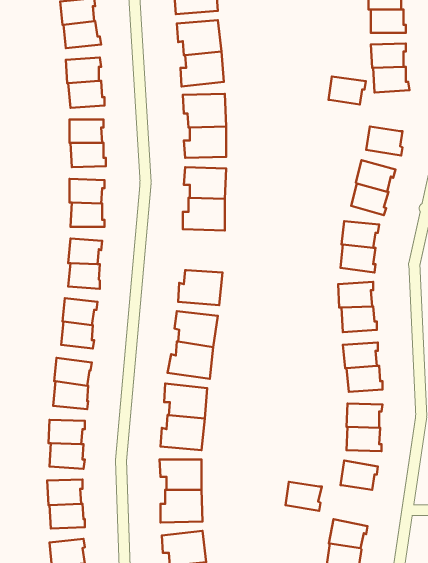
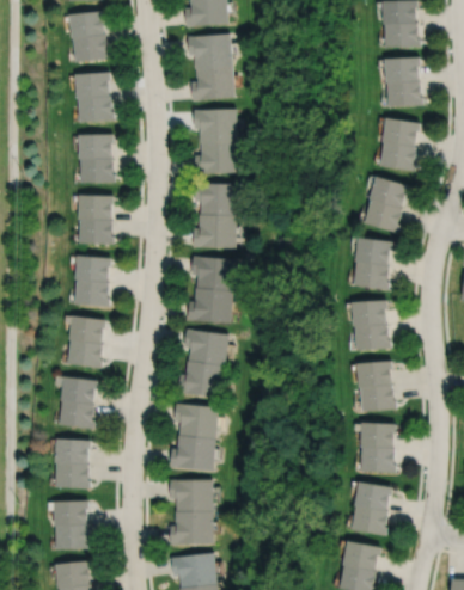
building: [328,77,366,105] -> [383,117,421,146]
building: none -> [191,256,236,290]
building: [285,482,322,511] -> [352,508,389,537]

